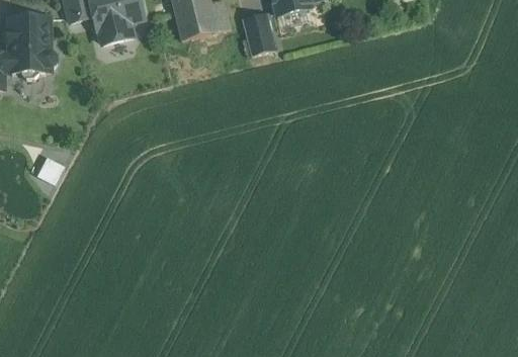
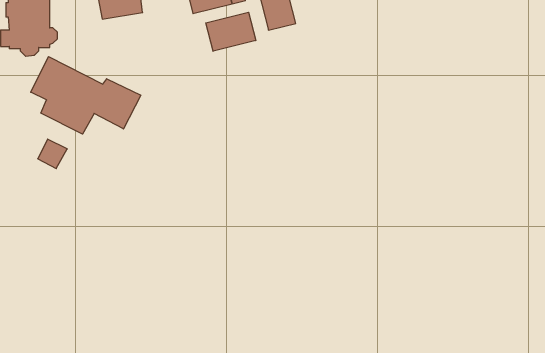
building: none -> [206,12,256,51]
building: none -> [31,57,141,134]

